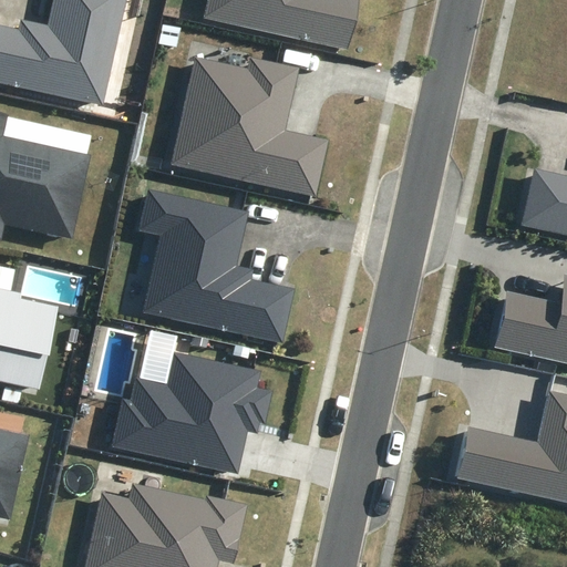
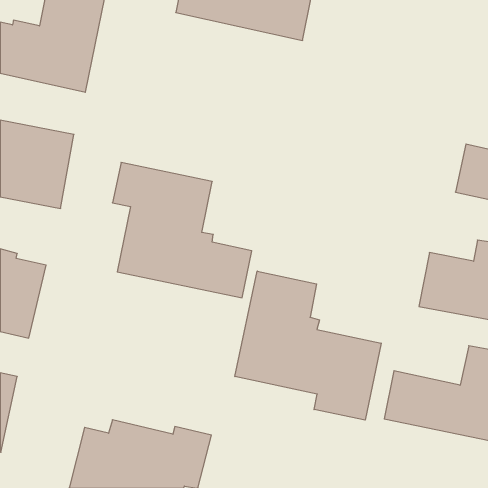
building: [172,58,328,195] -> none
building: none -> [235,271,381,420]
building: [109,352,270,473] -> none

